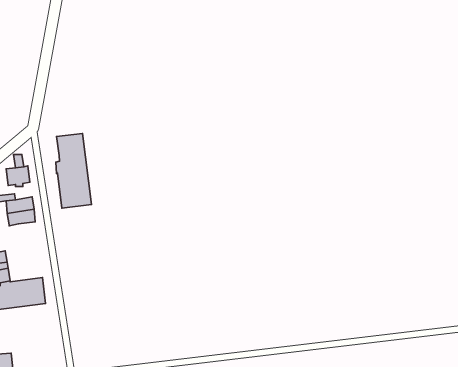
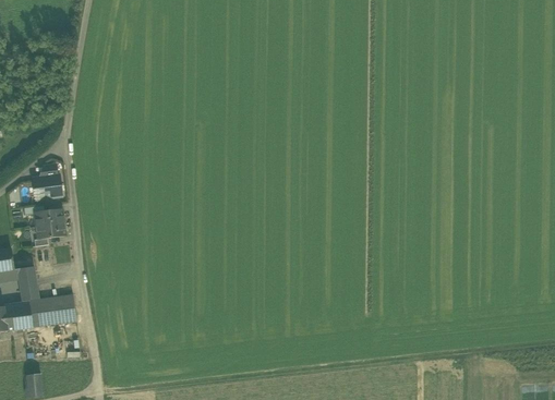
building: [56,133,91,208] -> none

